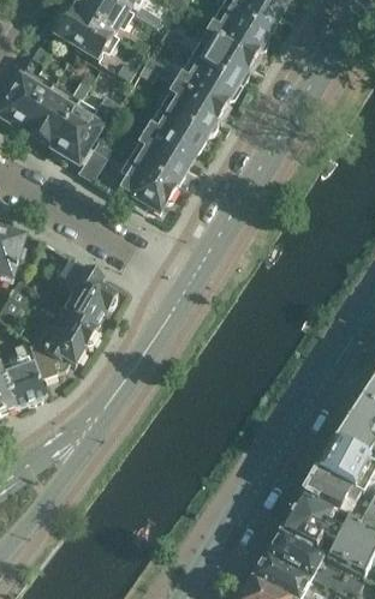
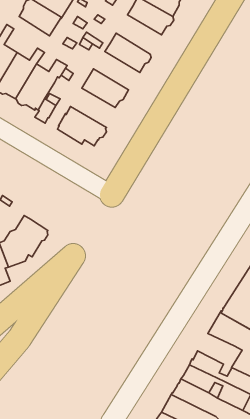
building: [189,31,251,85] -> none
building: [157,82,221,134] -> none
building: [126,132,188,186] -> none
building: [62,258,117,328] -> none
building: [300,469,362,517] -> none

